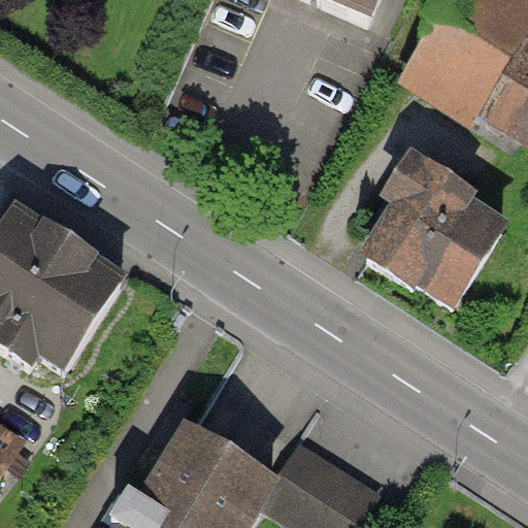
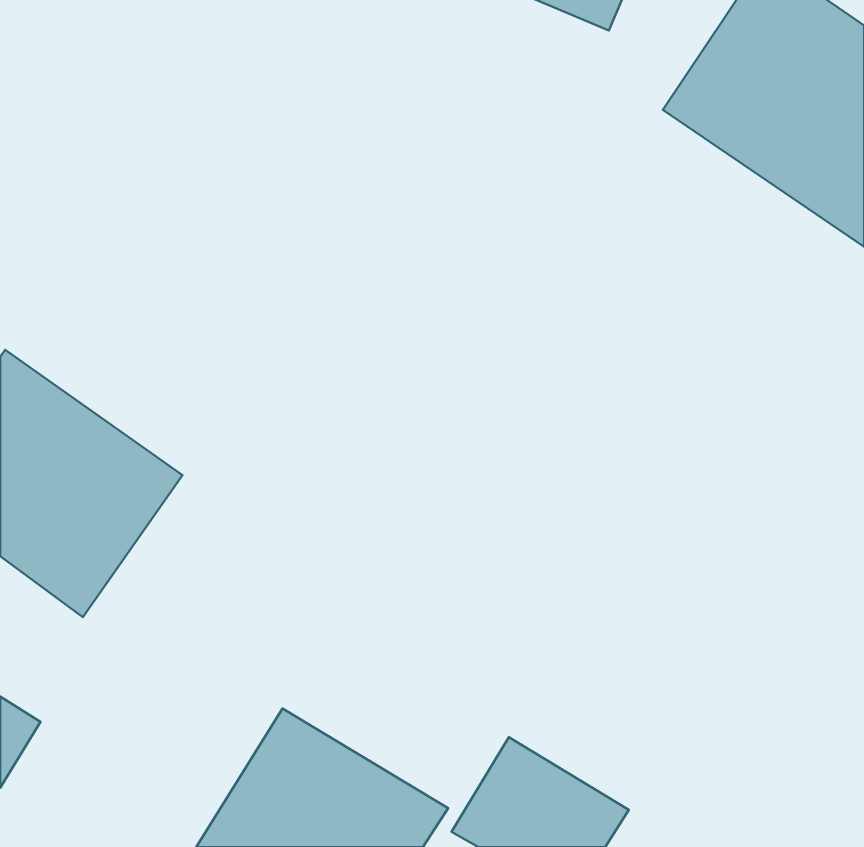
building: [363,173,502,304] -> none

